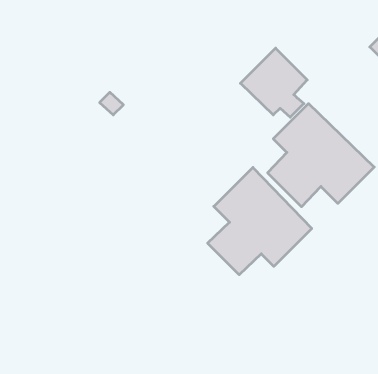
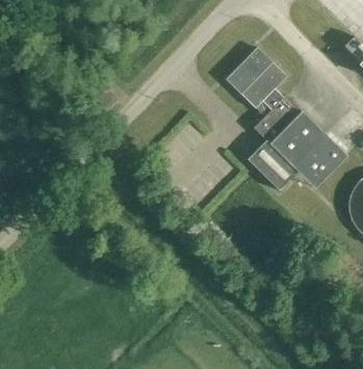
building: [208,167,312,275] -> none

